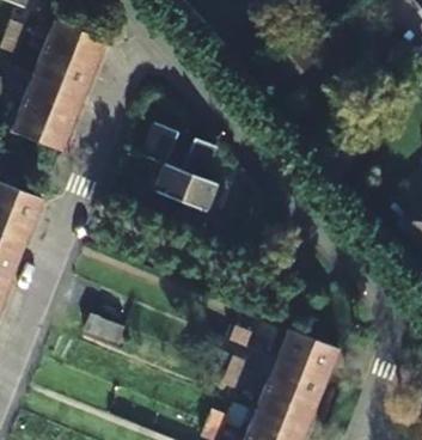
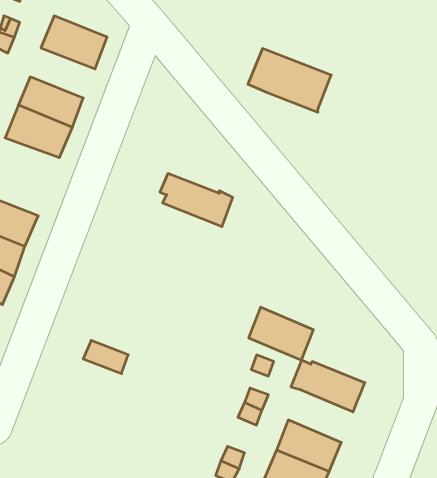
building: [35,50,93,96] -> none
building: [142,124,218,182] -> [248,49,331,112]
building: [268,359,326,407] -> [249,307,313,360]

